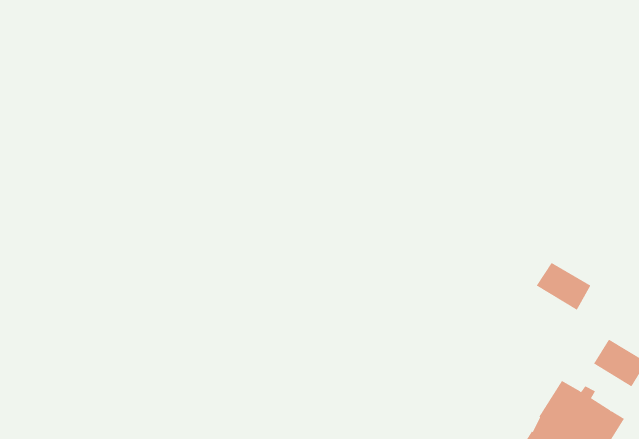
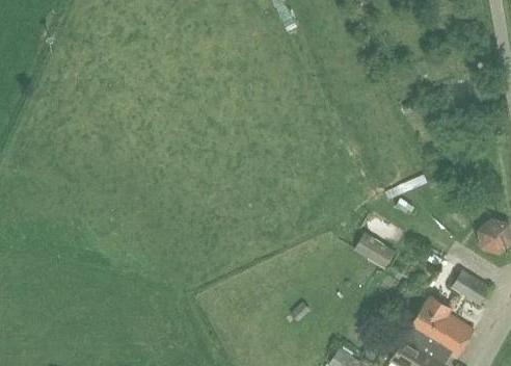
building: [536,262,591,310] -> [353,232,395,268]

